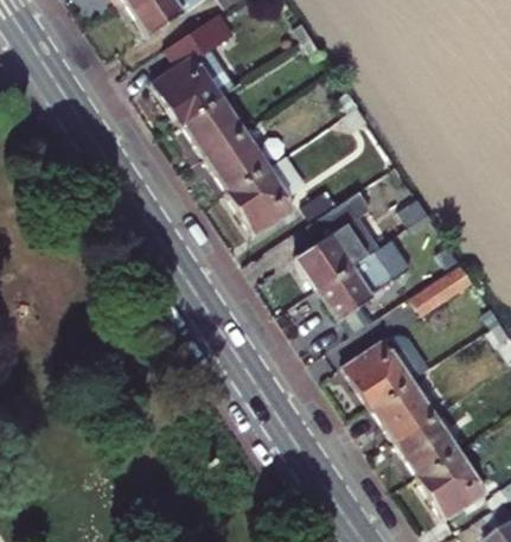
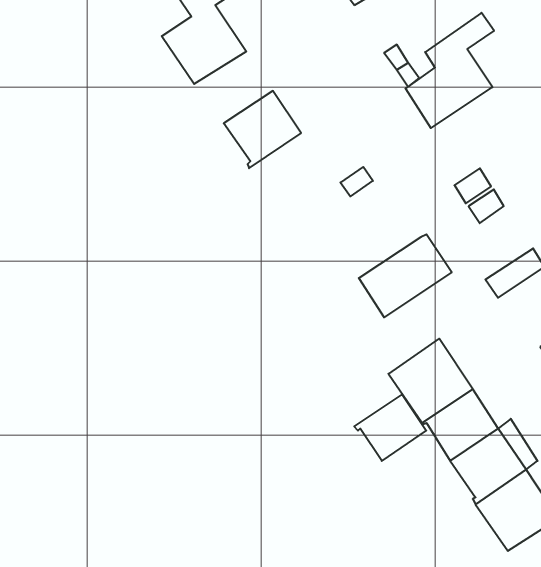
building: [179,96,245,157] -> none
building: [225,165,295,234] -> none
building: [296,190,371,287] -> [405,13,494,128]
building: none -> [354,395,426,461]

